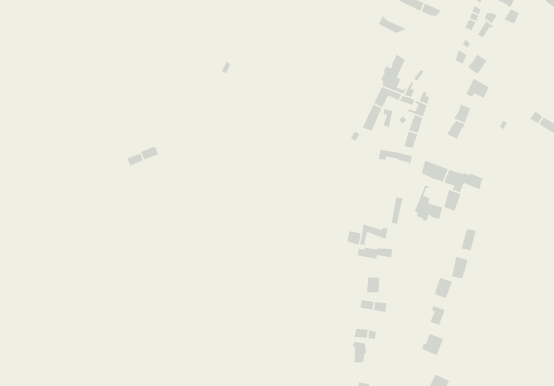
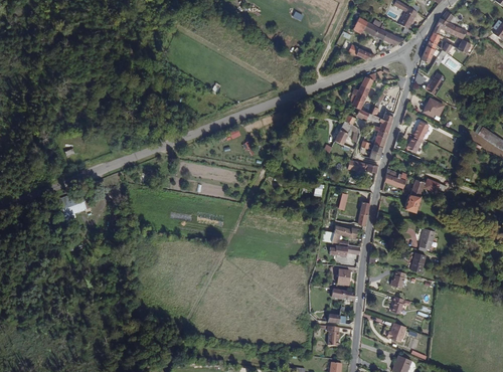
building: [414,185,443,221] -> none

